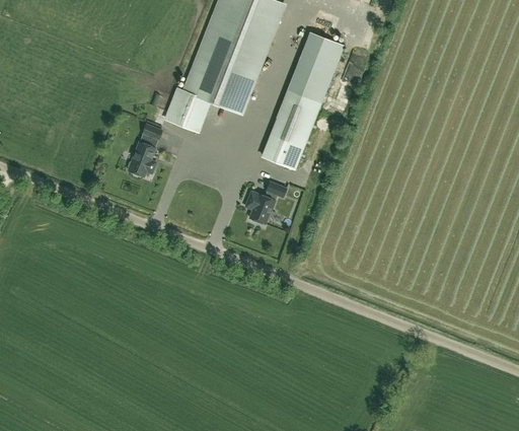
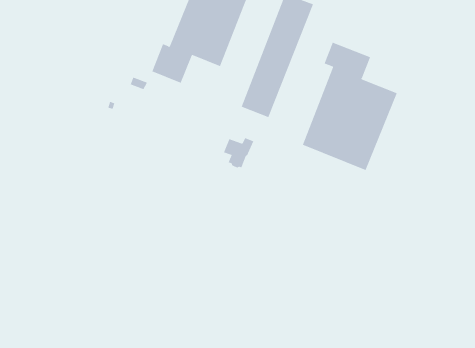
building: none -> [302,42,398,171]
building: [127,141,155,175] -> none

